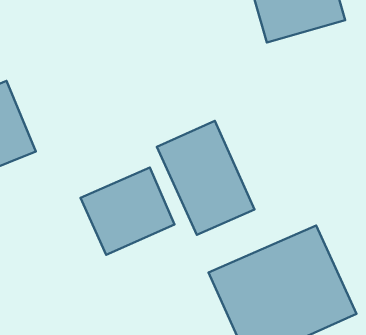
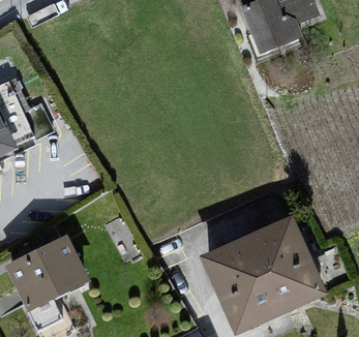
building: [157,121,254,235] -> none
building: [80,167,175,255] -> [8,228,95,309]

